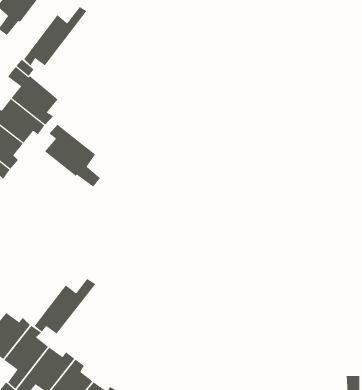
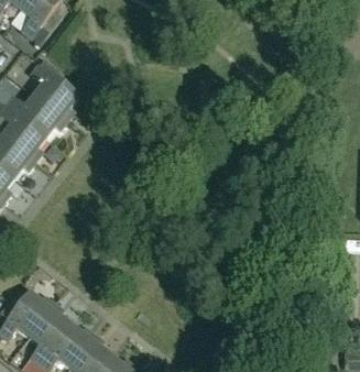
building: [23,6,87,66] -> none
building: [44,124,101,187] -> none
building: [34,278,96,335] -> none

